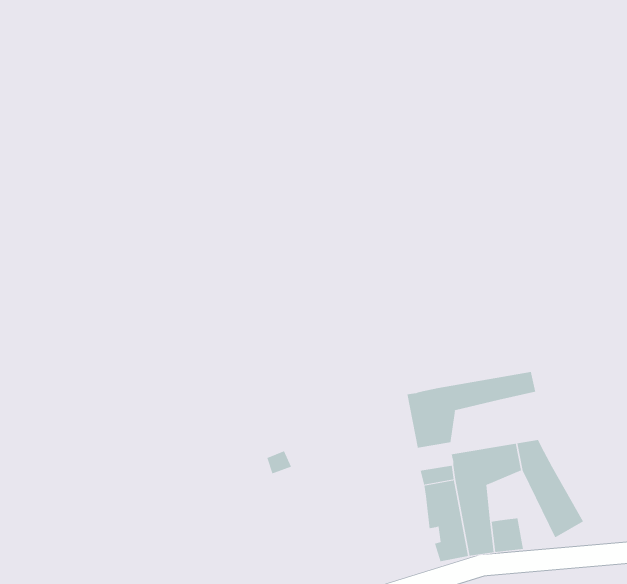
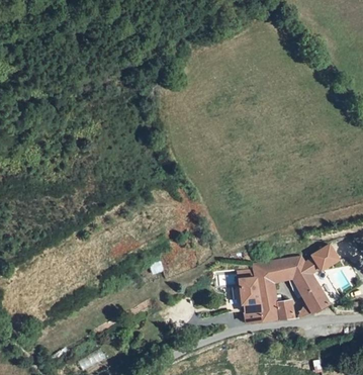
building: [407,371,536,449] -> none
building: none -> [304,244,338,272]

